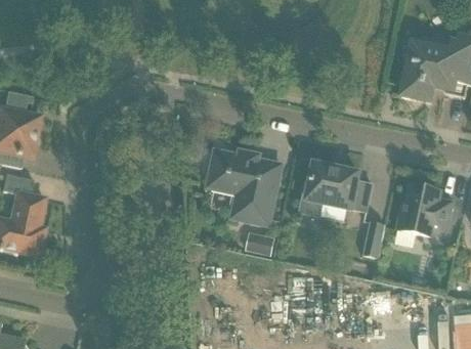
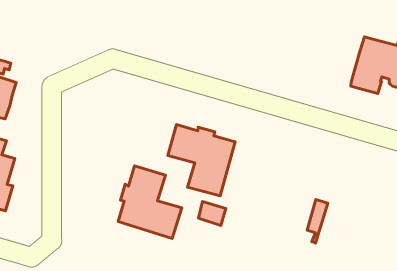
building: [299,164,372,216] -> none
building: [396,183,453,236] -> none
building: none -> [118,166,182,238]

